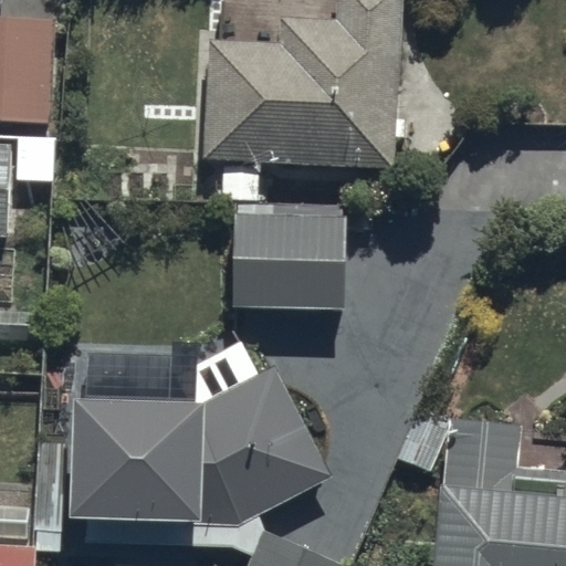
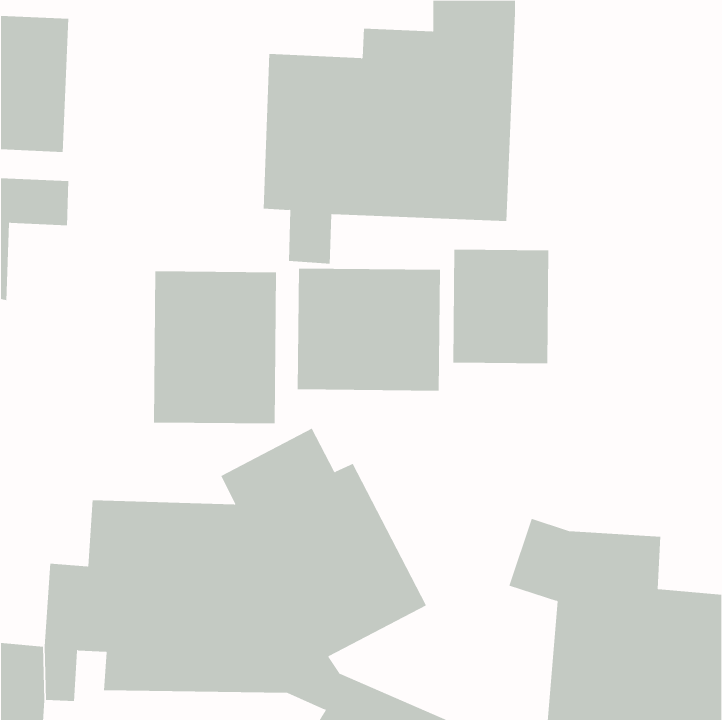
building: none -> [453,249,549,364]
building: none -> [153,271,276,424]

